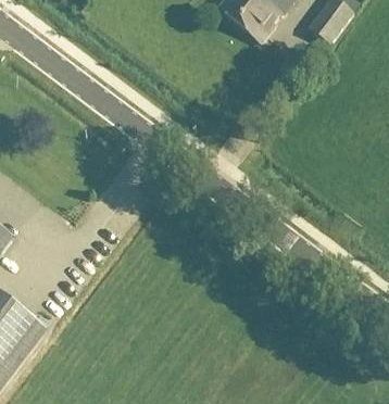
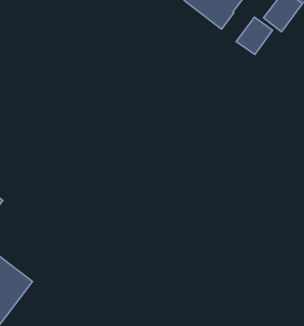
building: none -> [236,17,272,55]

